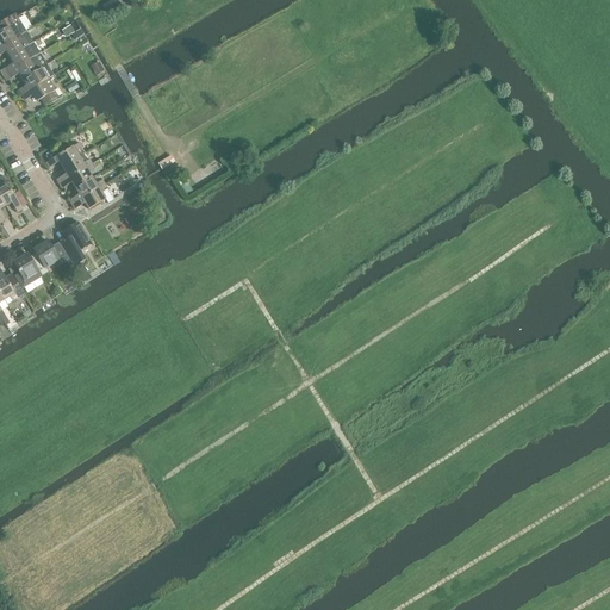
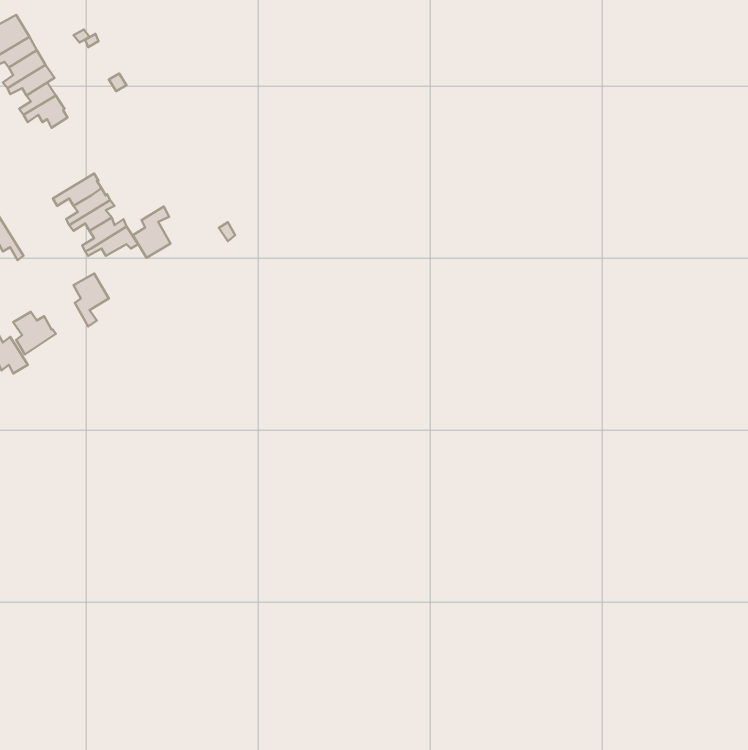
building: none -> [133,207,170,258]
building: [31,241,66,267] -> none

